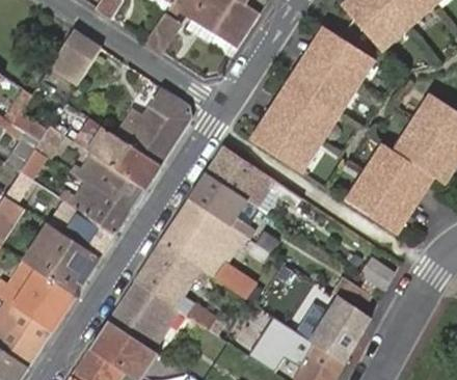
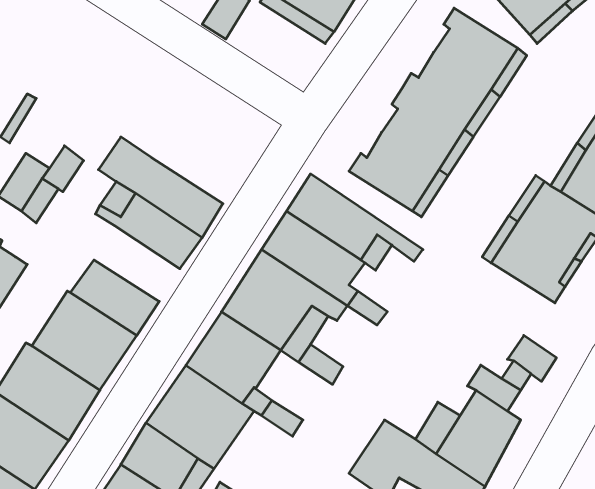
building: [53,28,105,84] -> none
building: [111,87,193,164] -> none
building: [60,180,131,233] -> none

